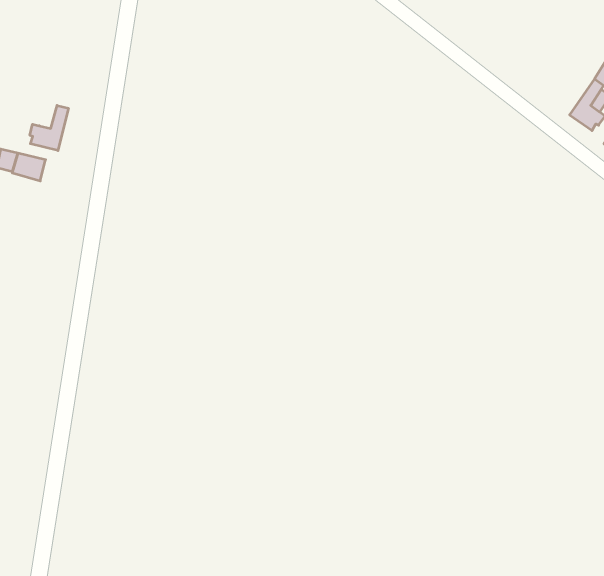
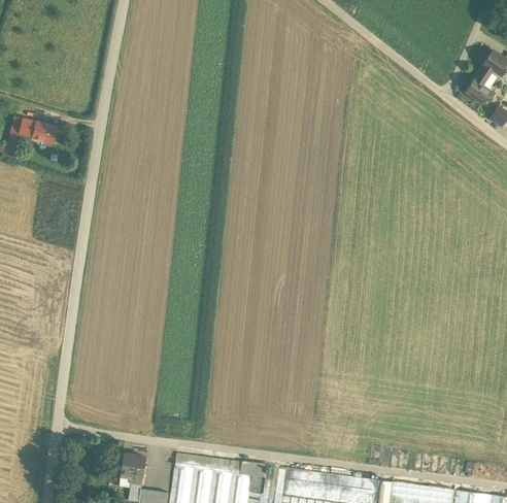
building: [30,105,68,151] -> none

